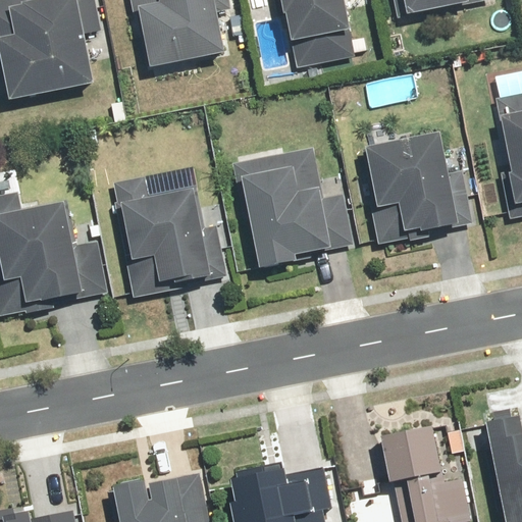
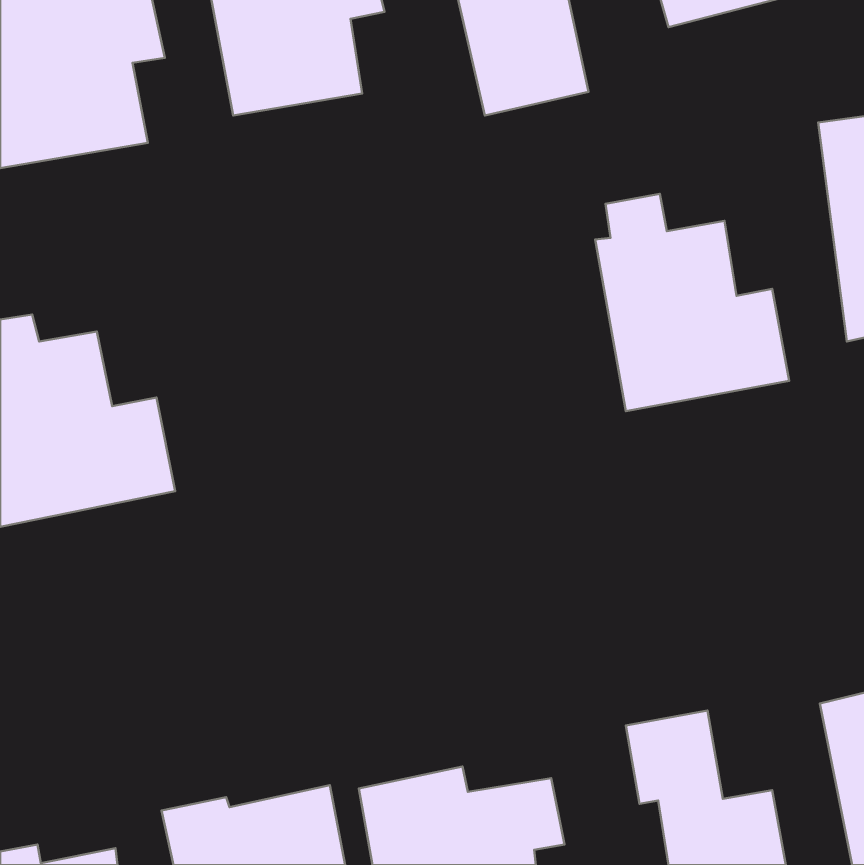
building: [237,149,353,269] -> none
building: [112,171,231,295] -> none

